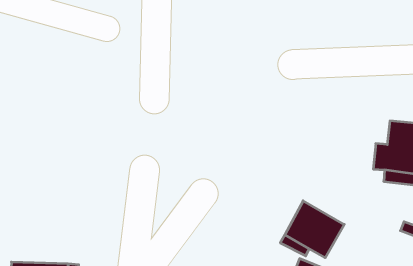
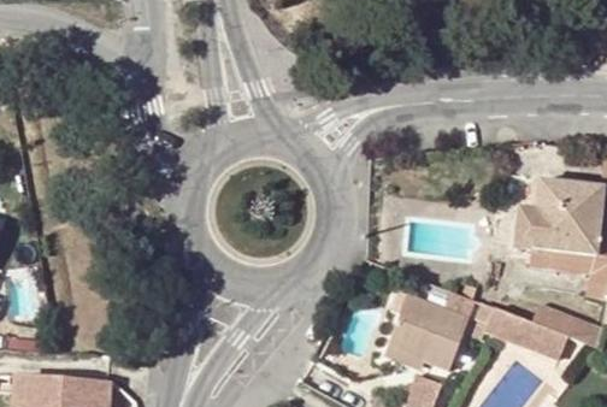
building: none -> [489,308,544,349]

